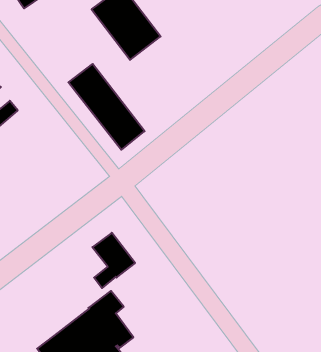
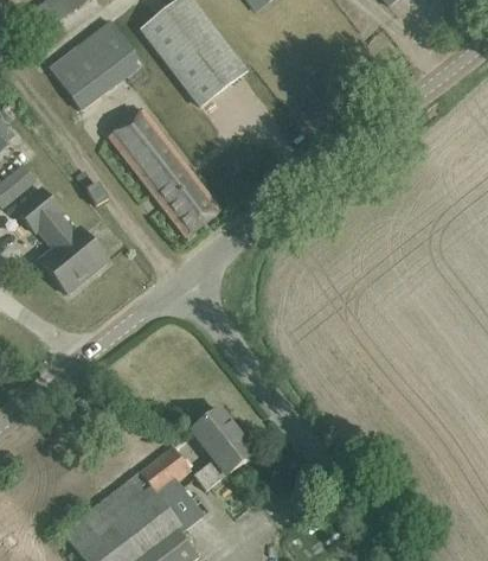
building: none -> [51,21,142,109]
building: none -> [14,185,107,293]
building: [92,233,135,288] -> [191,408,253,490]

